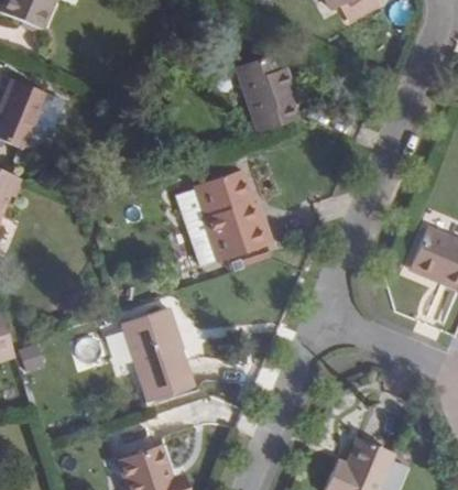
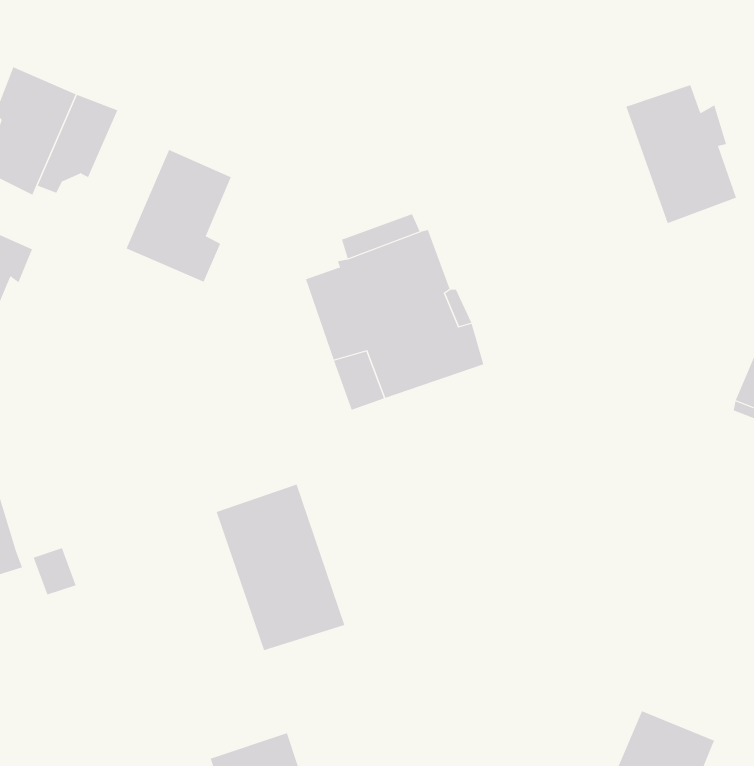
building: [235,55,296,132] -> [625,85,737,224]
building: none -> [126,149,231,282]

